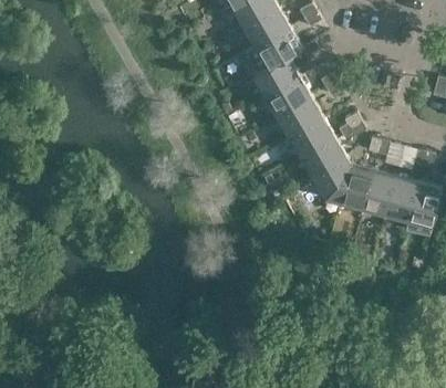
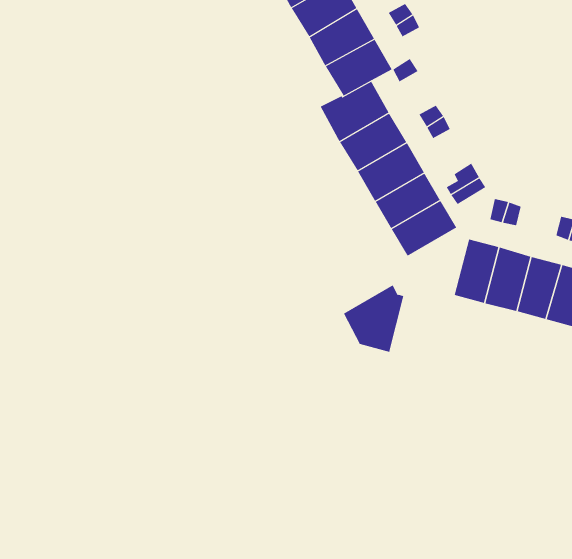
building: [312,158,354,205] -> [343,285,404,352]

